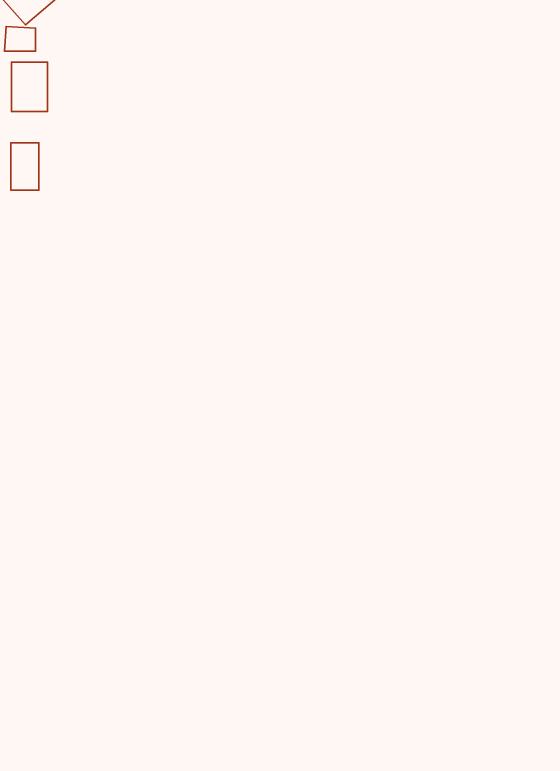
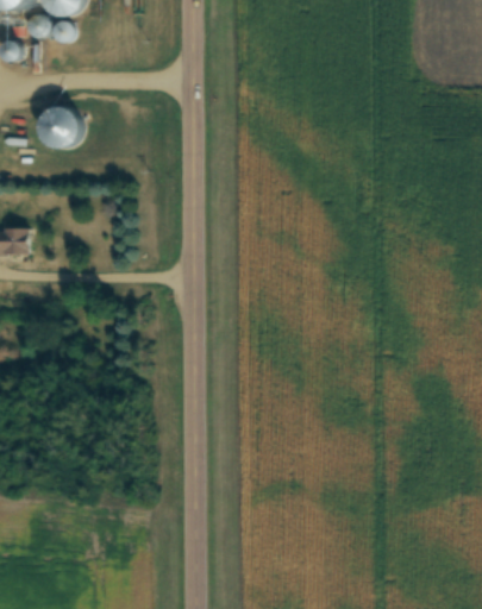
building: [12,62,47,111] -> none

